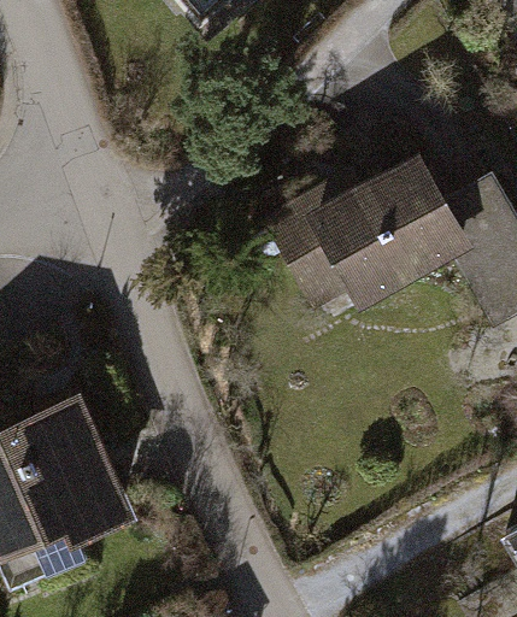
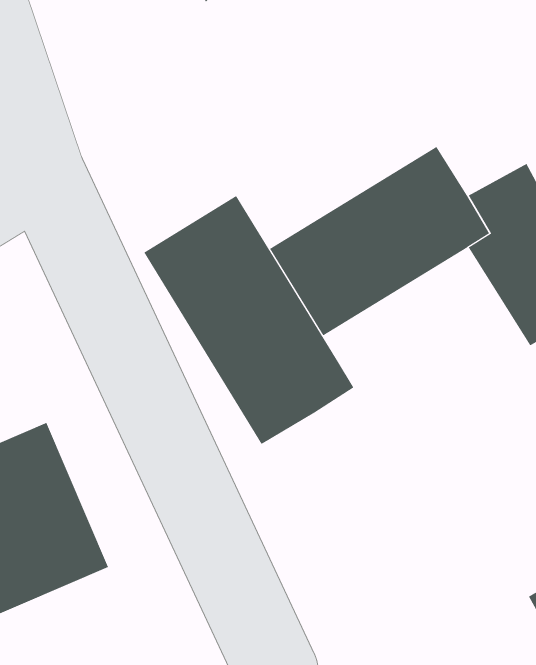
building: none -> [143,195,354,445]

